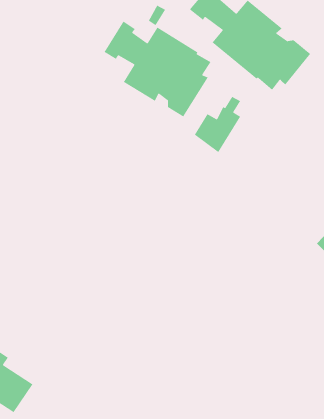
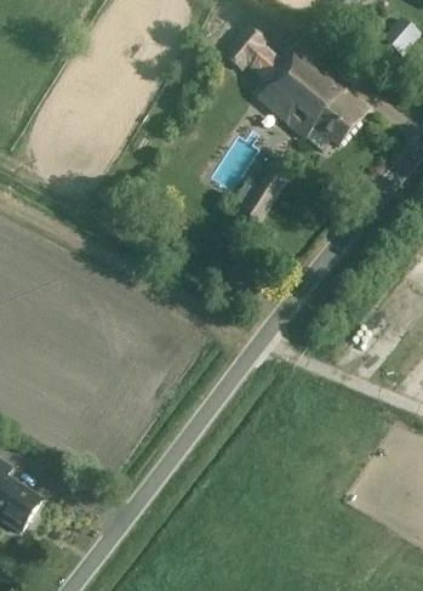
building: [104,21,211,117] -> none

